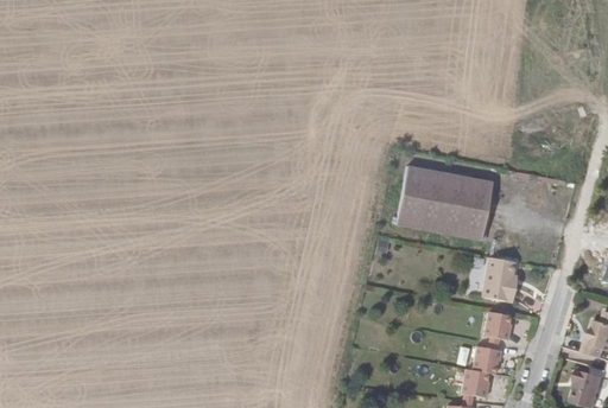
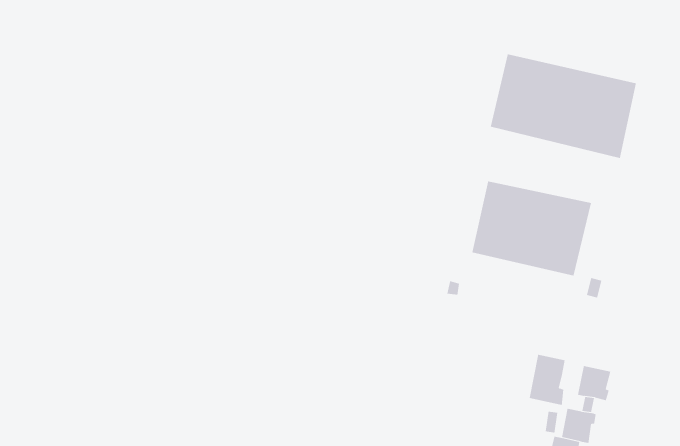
building: none -> [490,53,637,159]
building: [486,262,515,304] -> [529,354,566,406]

